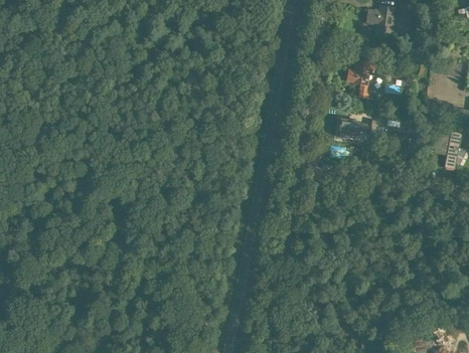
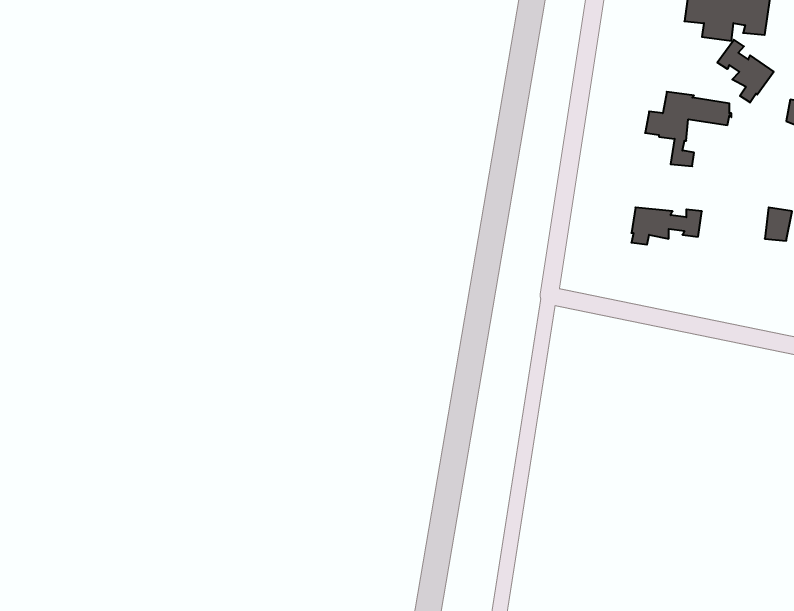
building: none -> [717,40,774,103]

